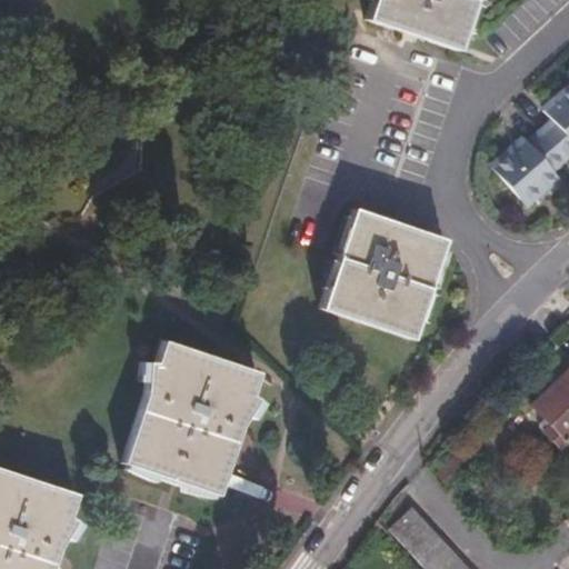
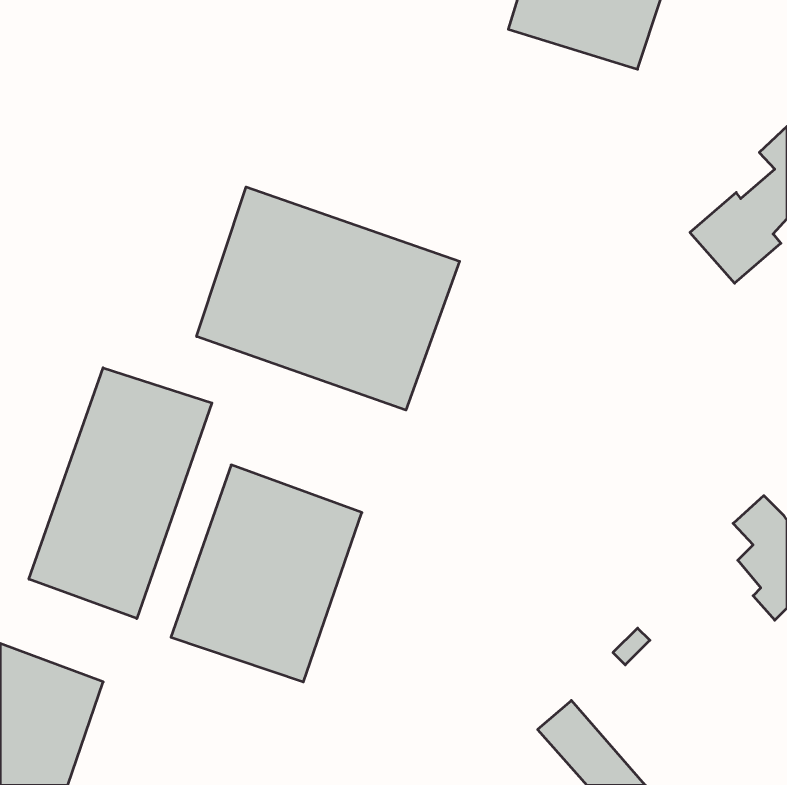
building: none -> [197,187,460,410]
building: [325,212,449,342] -> none
building: none -> [29,368,212,619]

